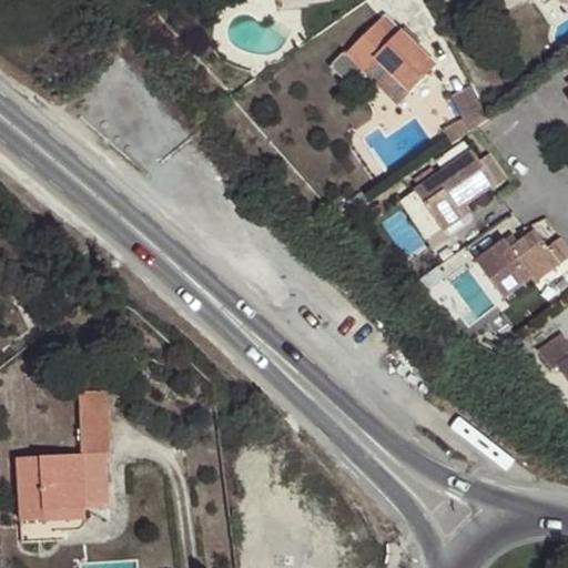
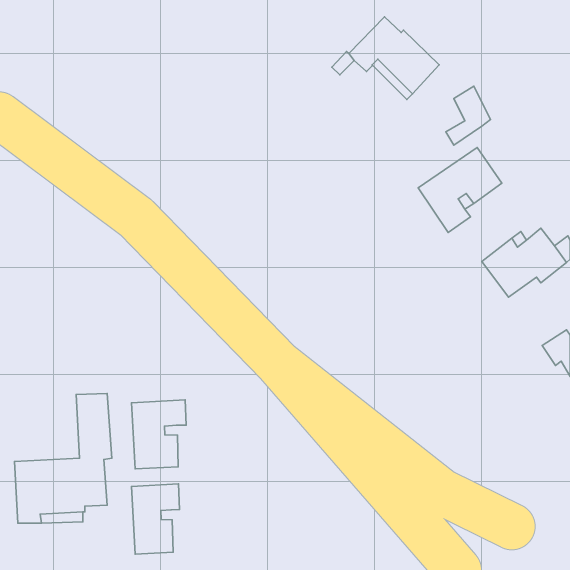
building: none -> [132,400,186,469]
building: none -> [132,484,180,554]

